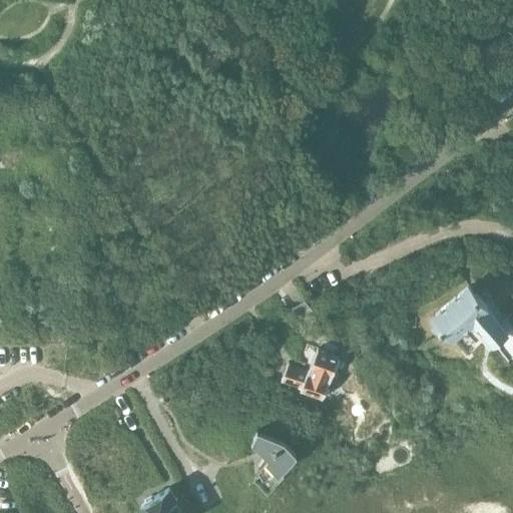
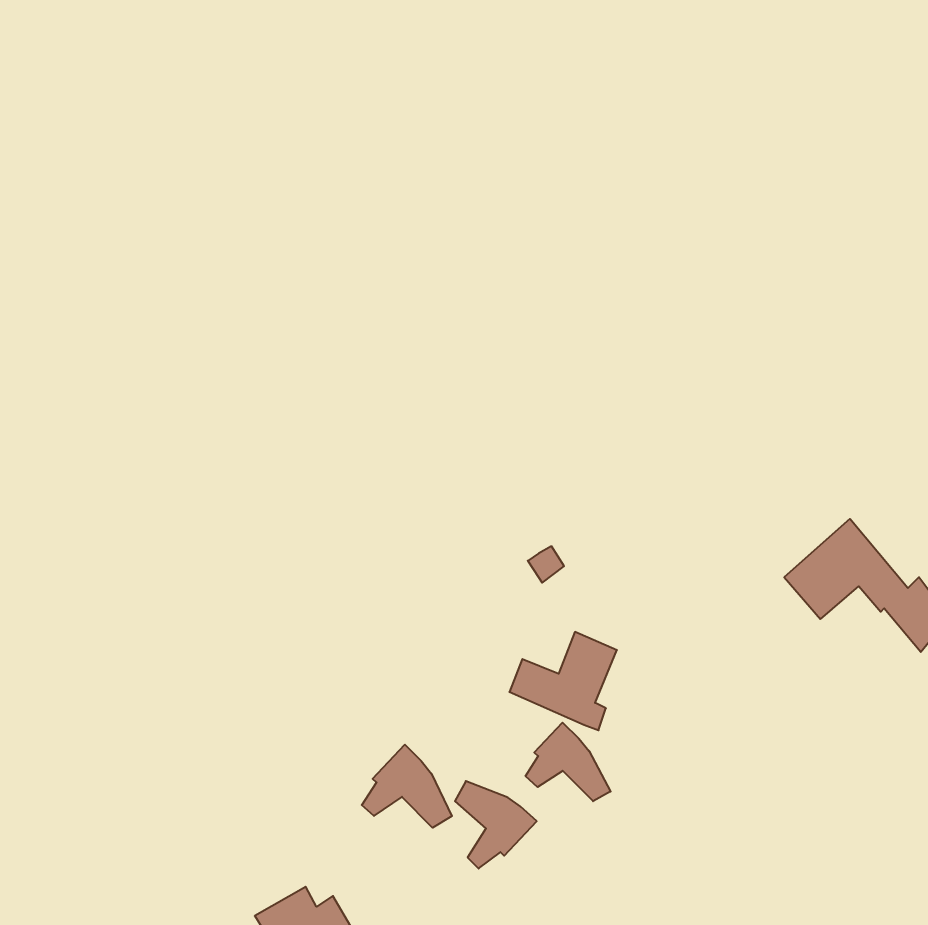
building: none -> [526,723,611,801]
building: none -> [362,745,452,828]

